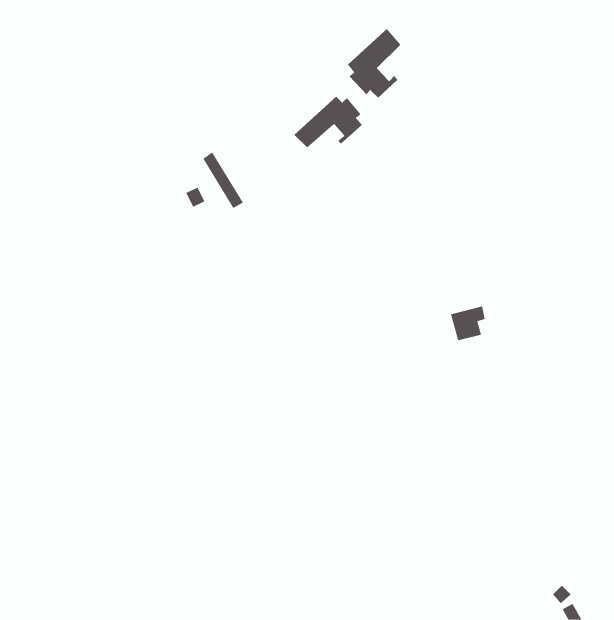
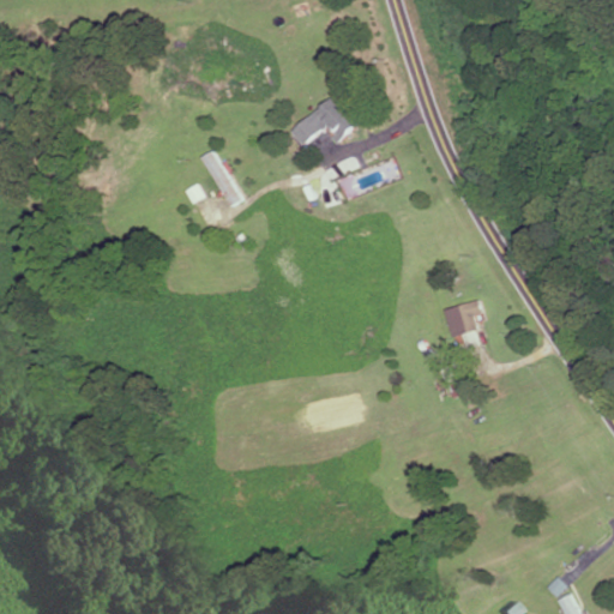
building: [347,28,401,99] -> none

